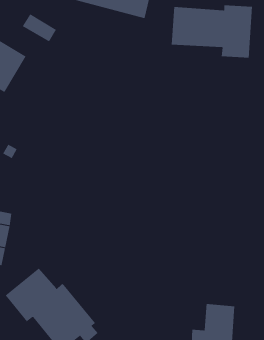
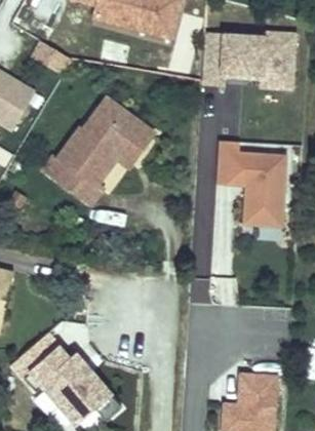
building: none -> [52,100,152,203]
building: none -> [215,142,286,228]

